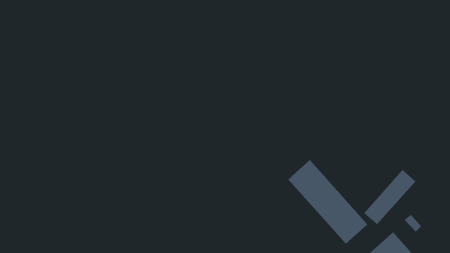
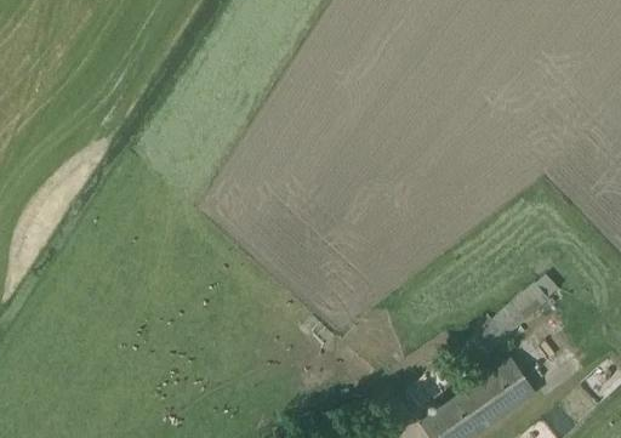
building: [288,159,368,245] -> none

